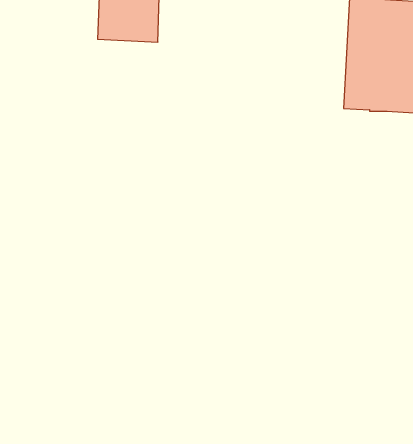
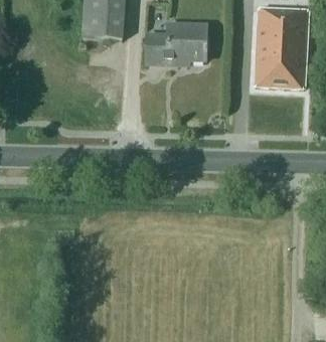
building: none -> [146,23,207,63]

